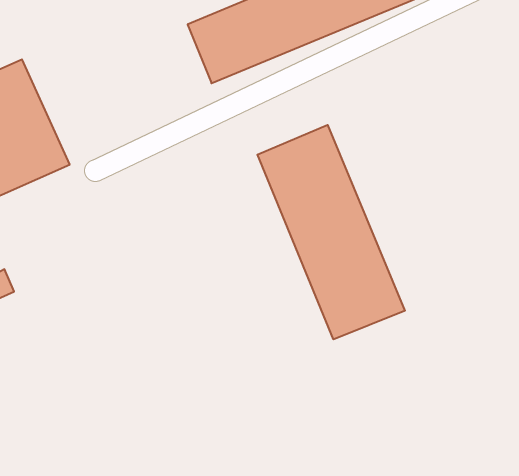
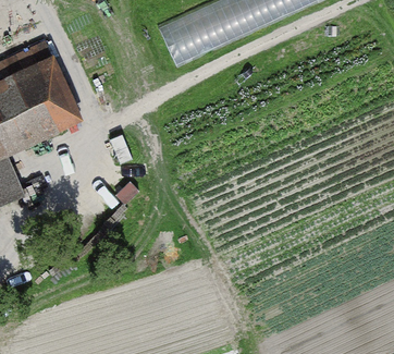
building: [257,125,405,339] -> none

